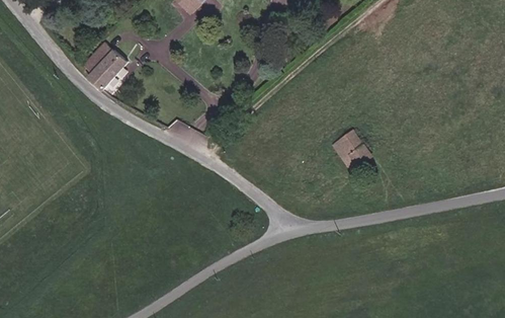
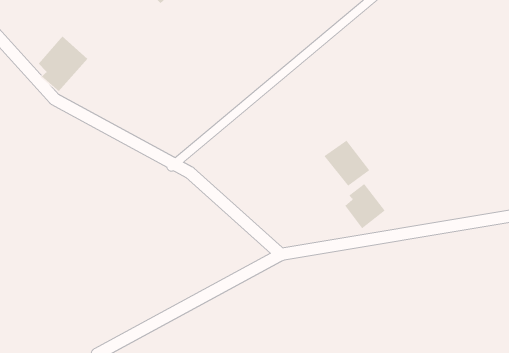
building: none -> [344,183,385,229]

